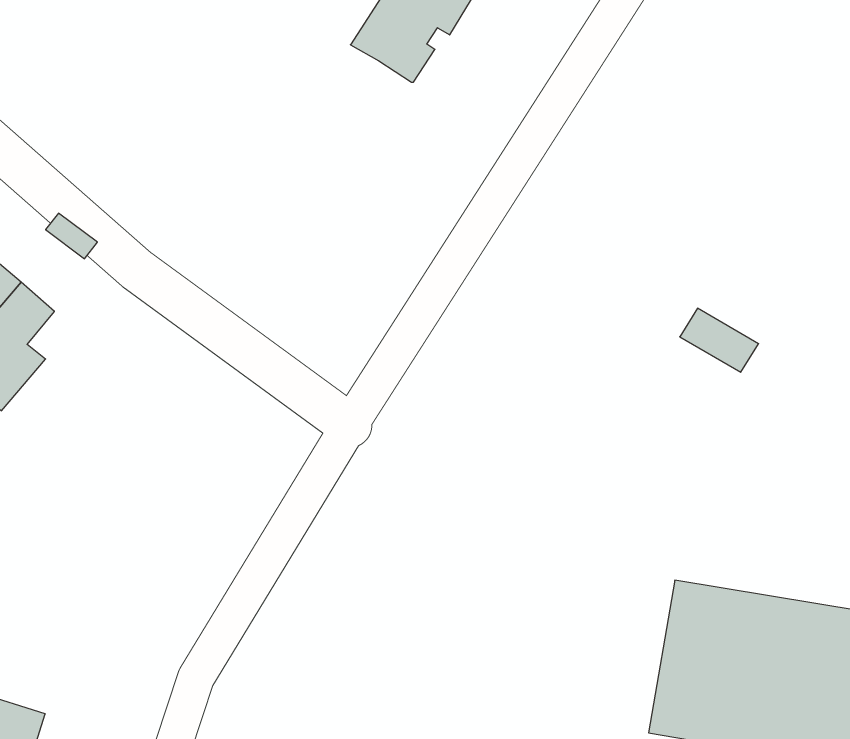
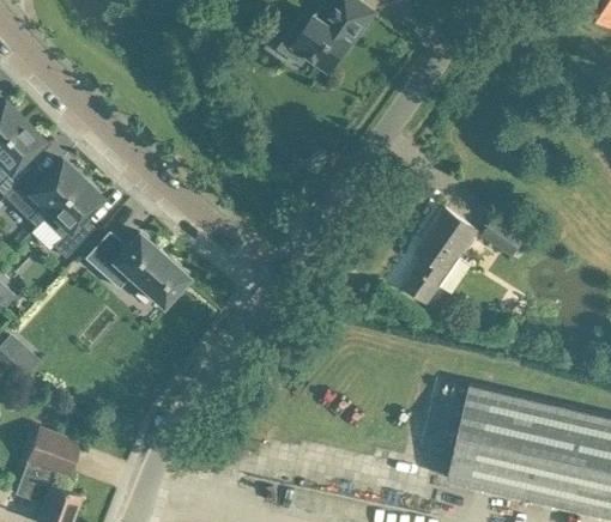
building: none -> [404,210,477,303]
building: none -> [84,232,188,305]

